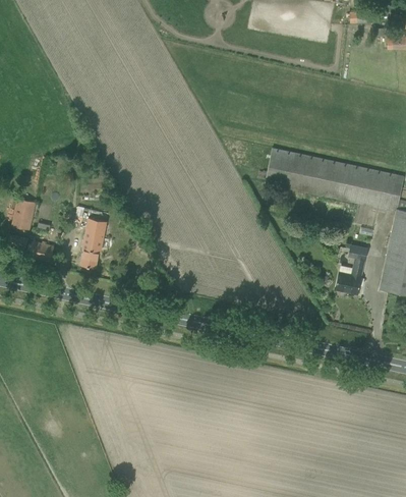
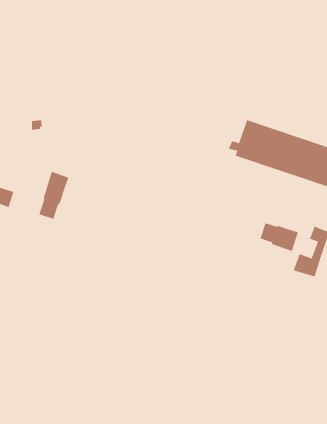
building: none -> [260,222,299,252]

